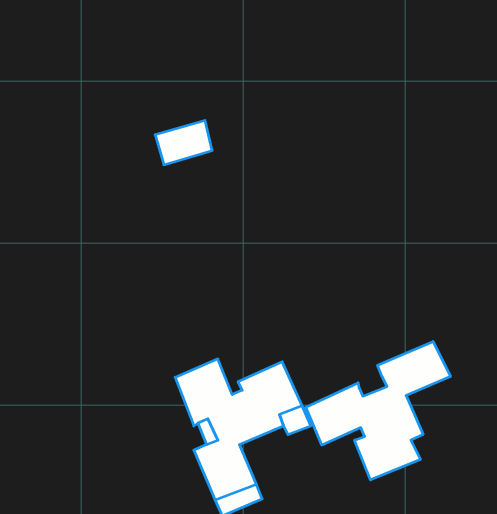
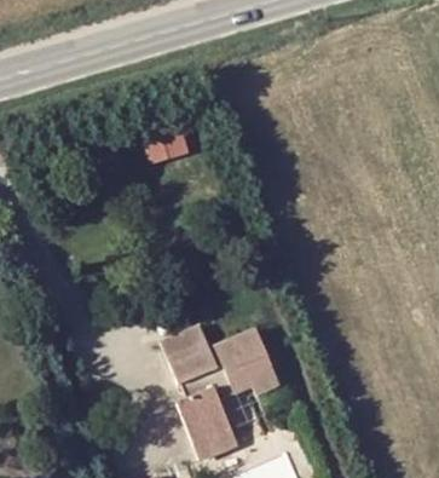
building: [306,341,450,480] -> none

